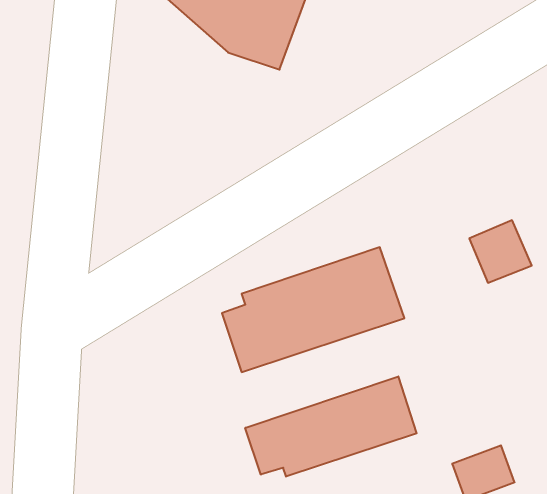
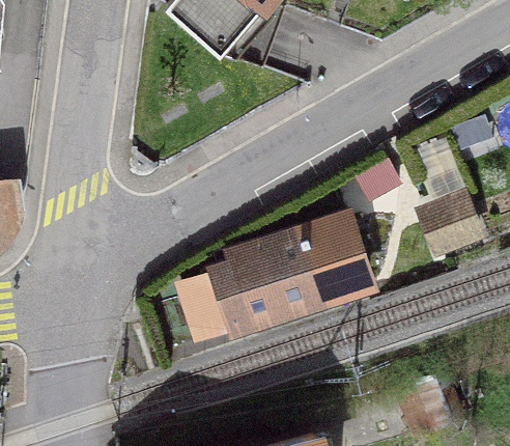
building: [245,376,417,477] -> none

